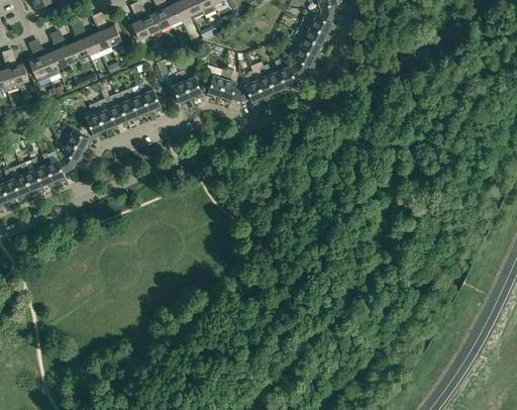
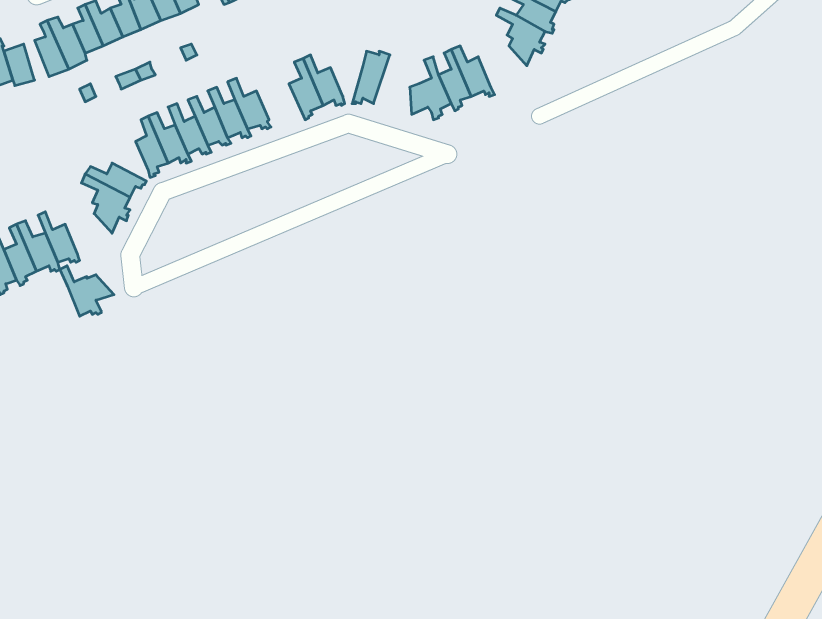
building: [274,60,304,88] -> none
building: [218,70,239,104] -> none
building: [41,153,72,182] -> [60,266,114,316]

